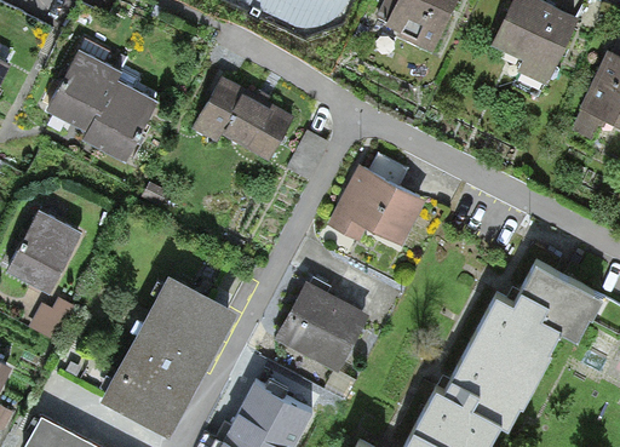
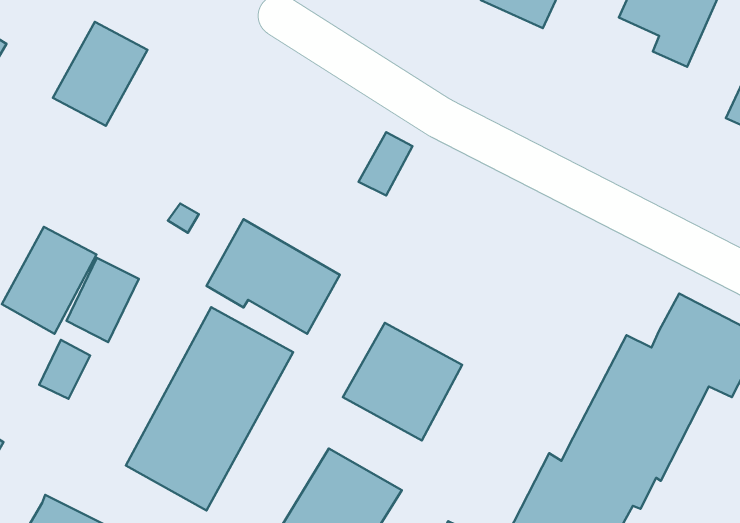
building: [193,73,297,162] -> [206,219,340,334]
building: [86,76,159,159] -> none
building: [326,156,420,250] -> none
building: none -> [66,258,139,342]

